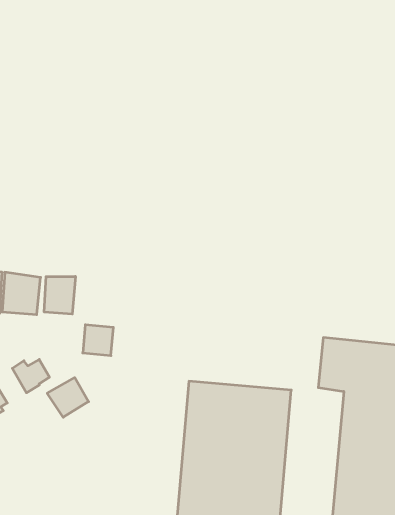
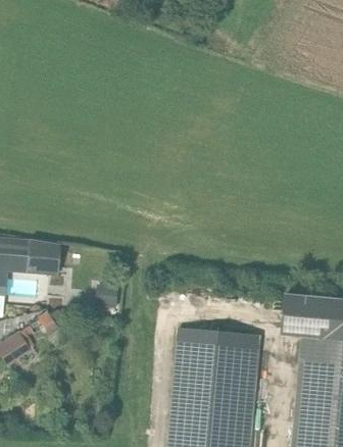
building: [44,276,75,314] -> none
building: [47,378,89,417] -> none

